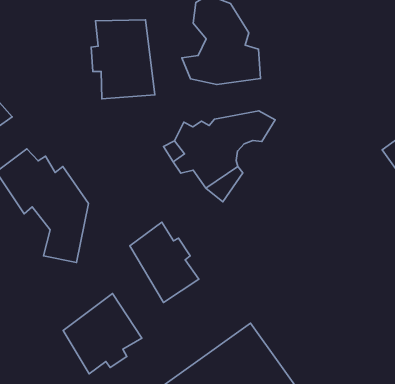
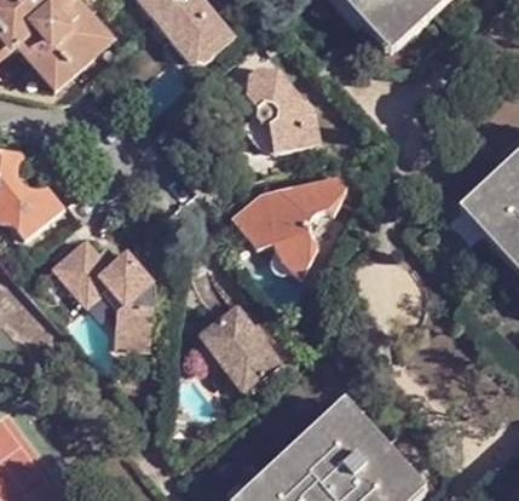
building: [91,20,155,99] -> none
building: [63,293,142,374] -> none

